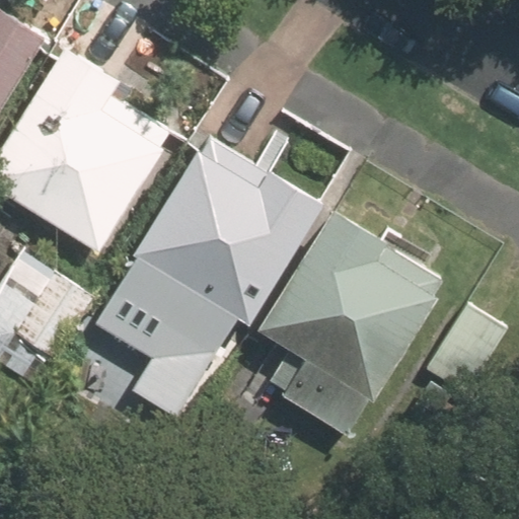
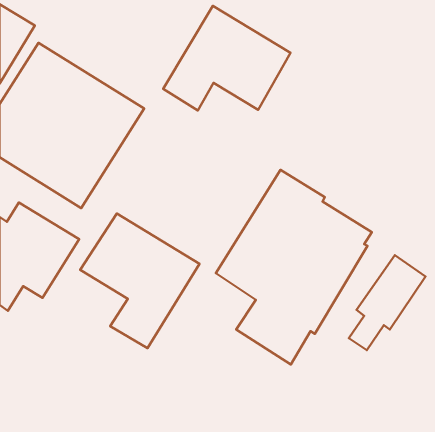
building: none -> [163,6,290,111]
building: [132,141,323,325] -> none

